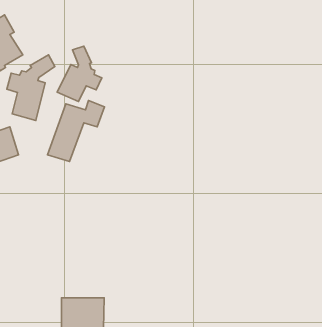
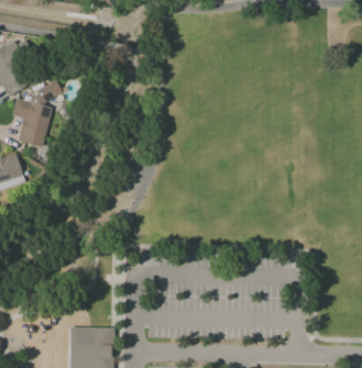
building: [57,46,102,101] -> none
building: [48,100,104,162] -> none

